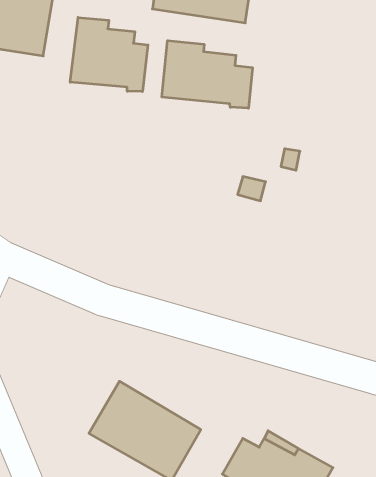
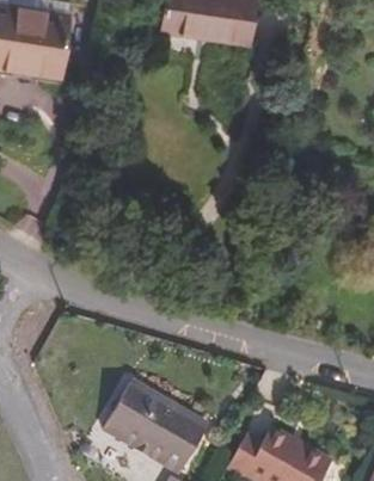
building: [70,17,148,92] -> none
building: [162,41,252,108] -> none

